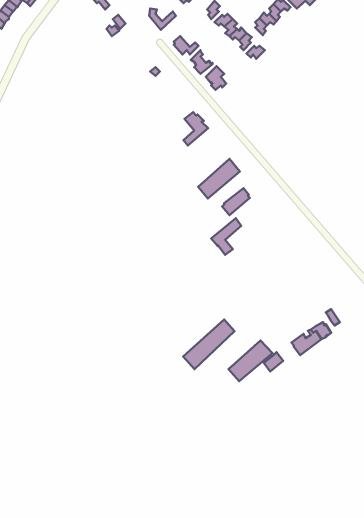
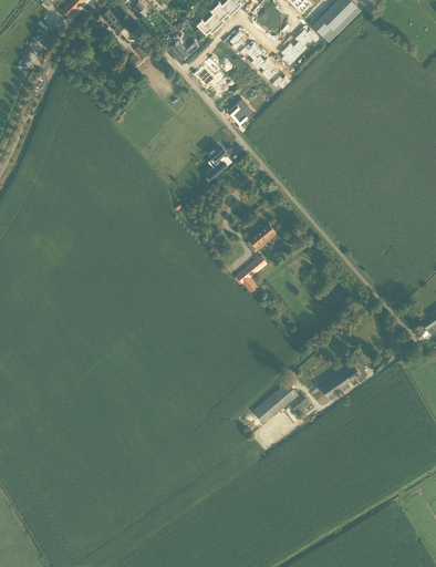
building: [198,159,240,198] -> none
building: [183,319,235,369] -> none

